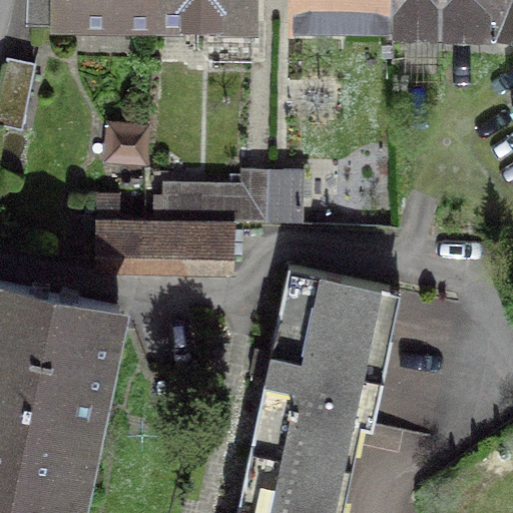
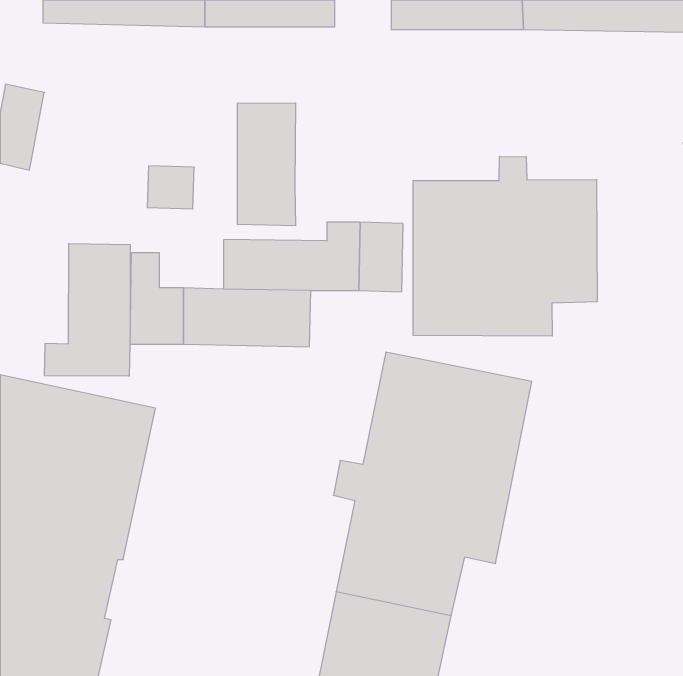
building: none -> [237,103,295,226]
building: none -> [413,156,597,336]
building: none -> [44,243,130,376]

